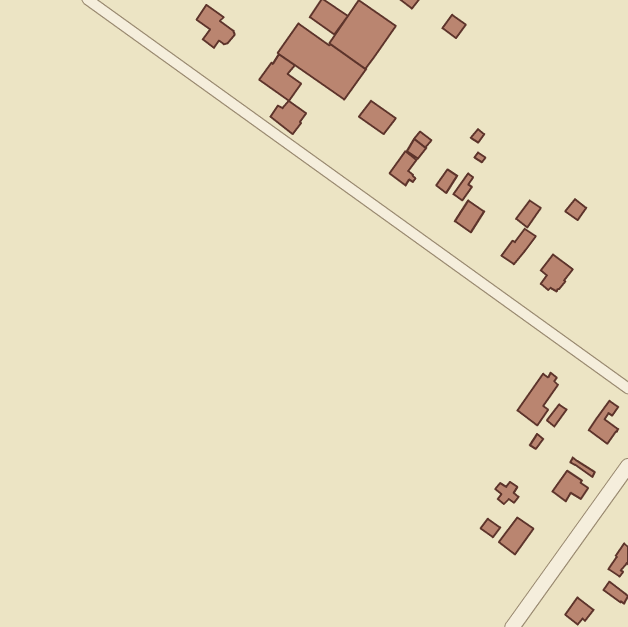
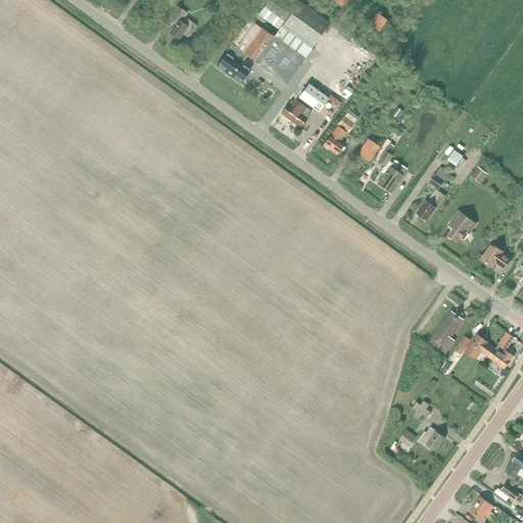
building: [270,101,306,134] -> [282,100,312,128]
building: none -> [480,243,512,269]
building: [552,471,588,501] -> [466,334,495,360]

